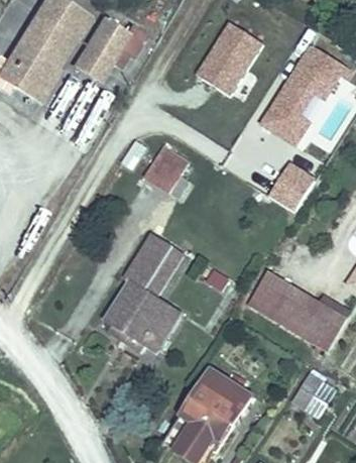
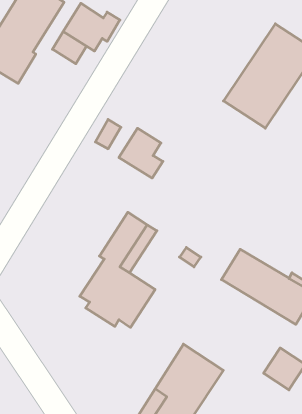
building: [195,19,261,95] -> none
building: [267,158,315,210] -> none

